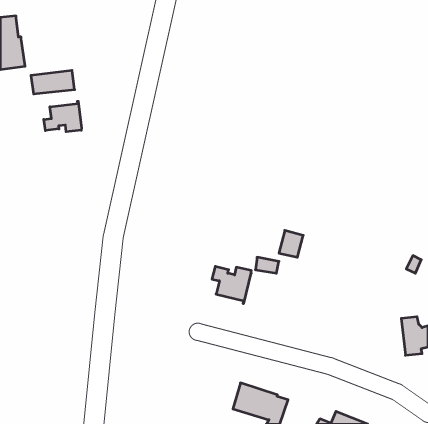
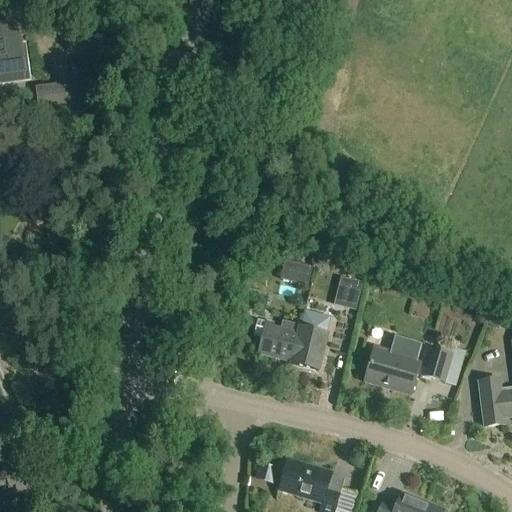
building: [44,101,82,132] -> none
building: none -> [284,256,315,281]
building: none -> [291,326,326,368]
building: none -> [363,335,451,393]

